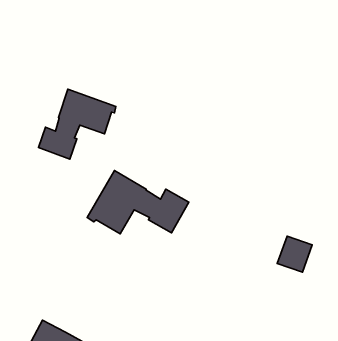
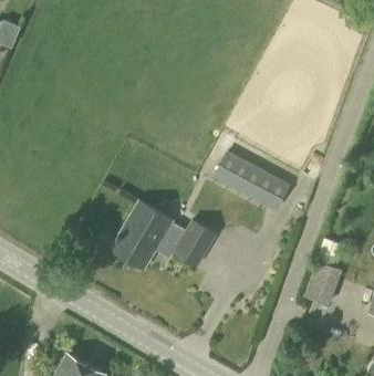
building: [39,89,116,159] -> none
building: none -> [214,152,290,210]

